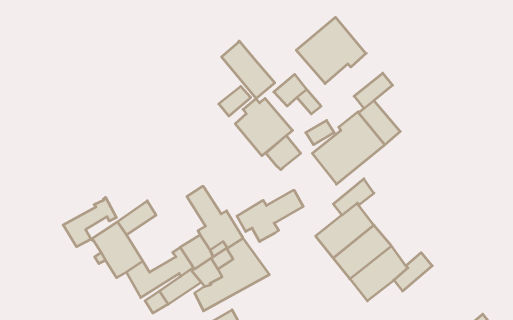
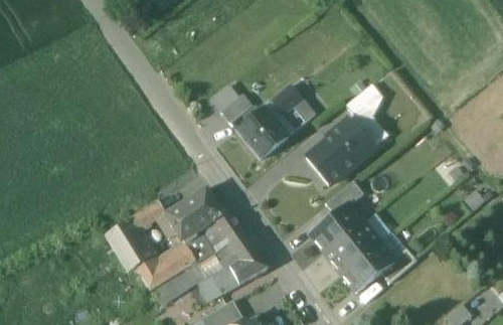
building: [296,17,366,84] -> none
building: [222,41,275,98] -> none
building: [266,136,301,170] -> none
building: [237,190,303,242] -> none
building: none -> [164,196,209,243]
building: [63,197,116,247] -> none

